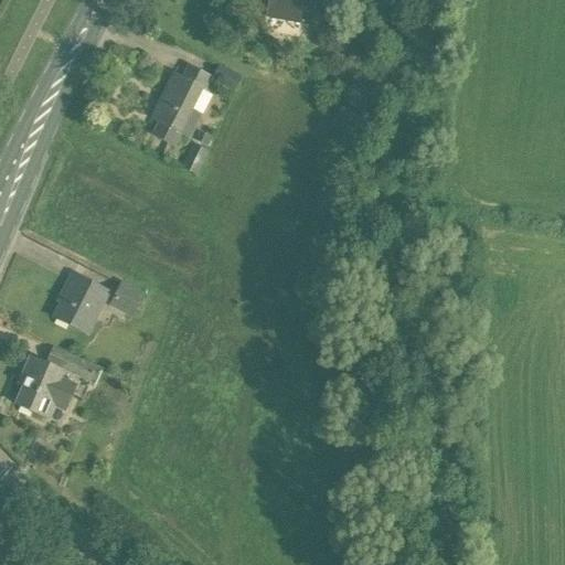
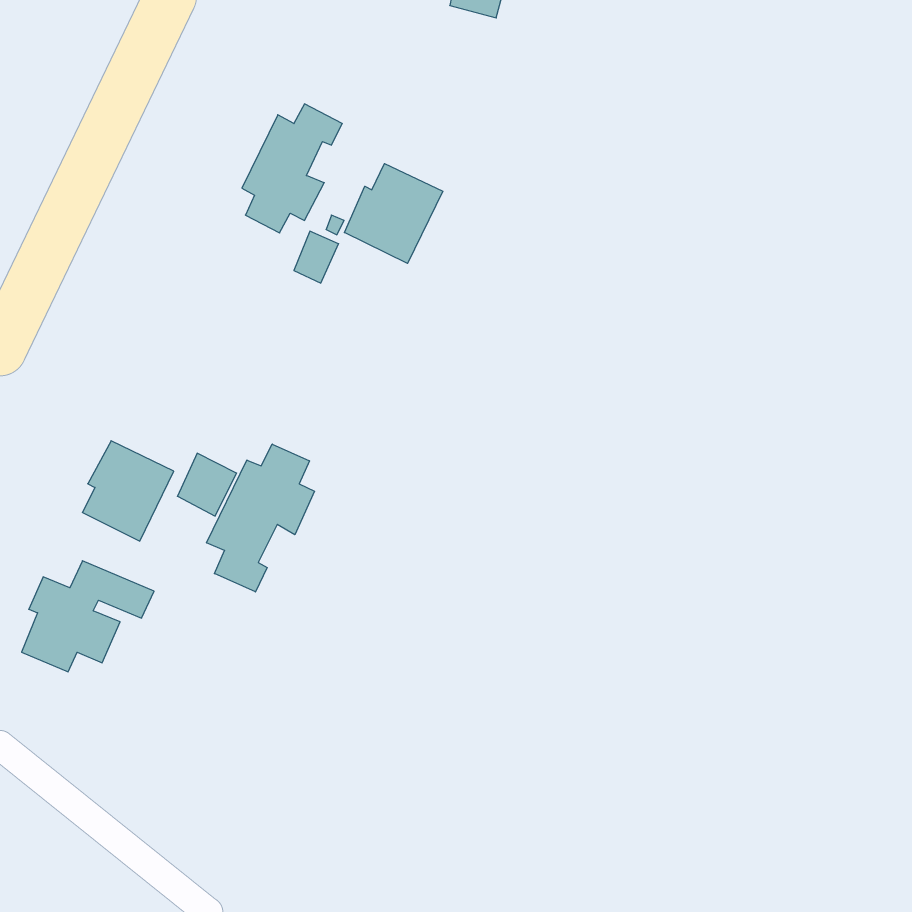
building: none -> [344,164,443,263]
building: none -> [207,444,315,592]

